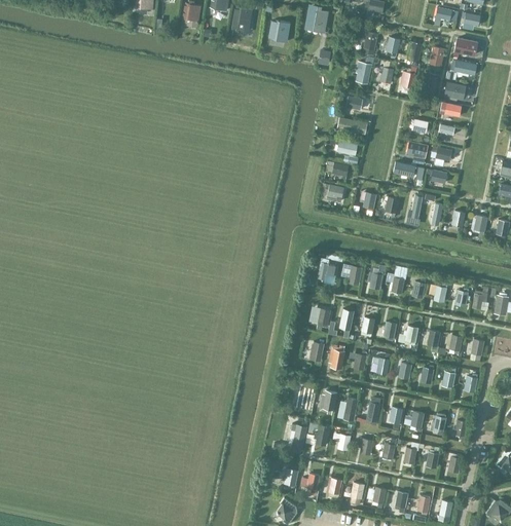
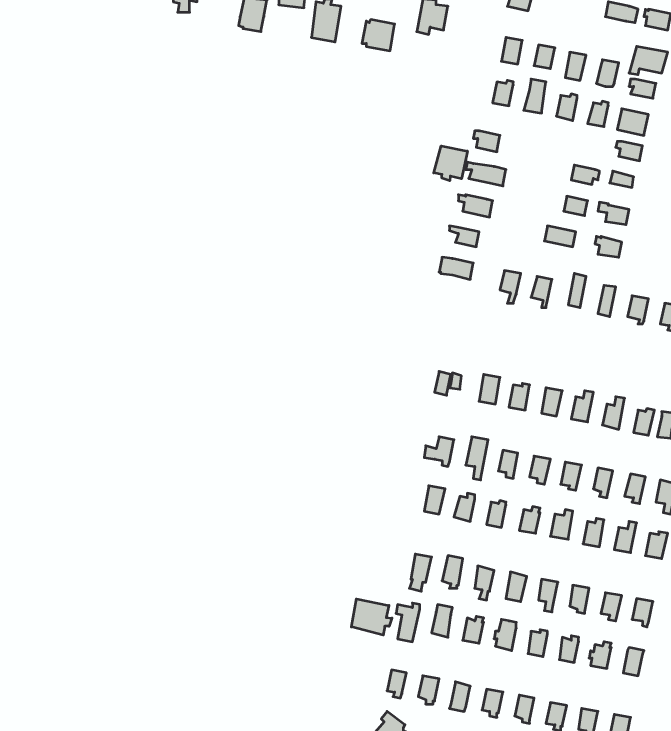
building: none -> [434,146,467,181]
building: none -> [351,599,392,635]

